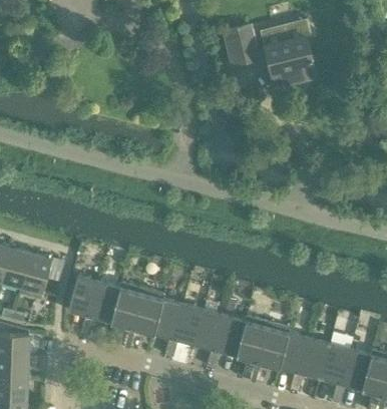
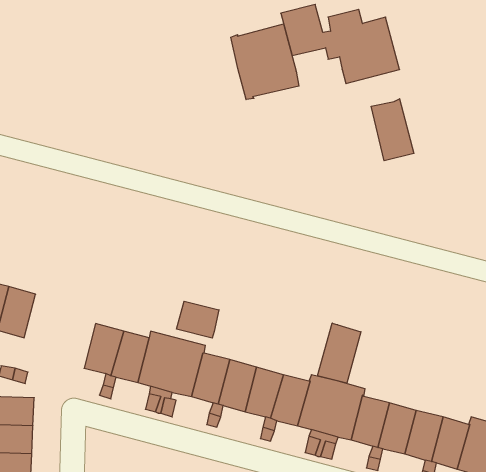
building: none -> [231,24,299,100]
building: none -> [371,99,414,161]
building: [20,253,51,299] -> none
building: none -> [177,301,219,338]
building: none -> [317,323,361,383]

